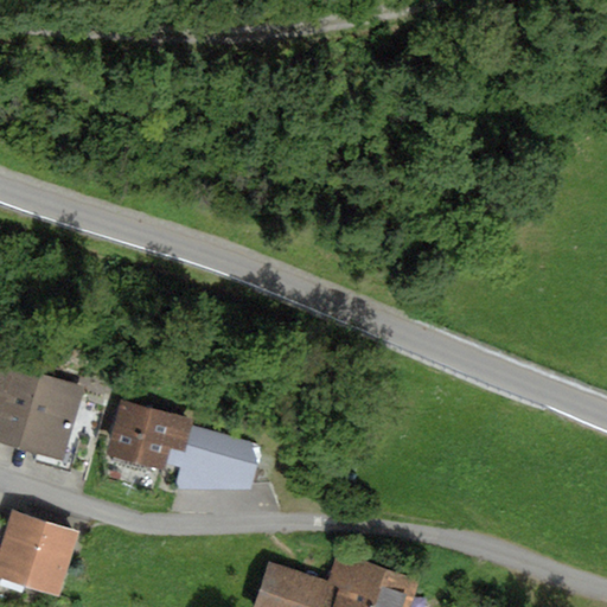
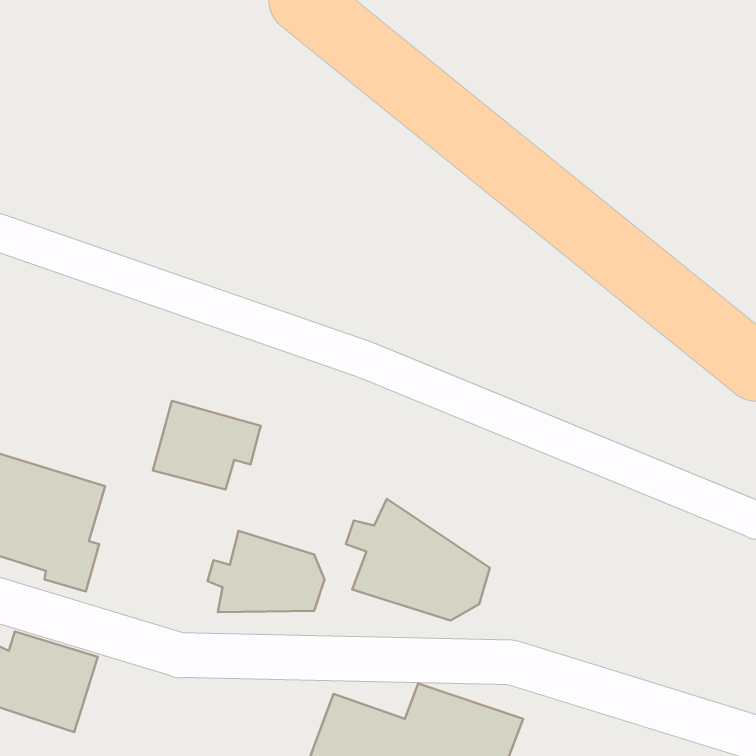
building: none -> [346,499,490,620]
building: [106,402,192,473] -> [153,401,261,490]

